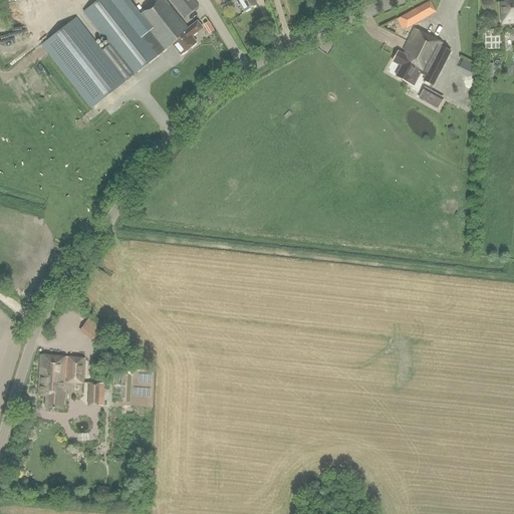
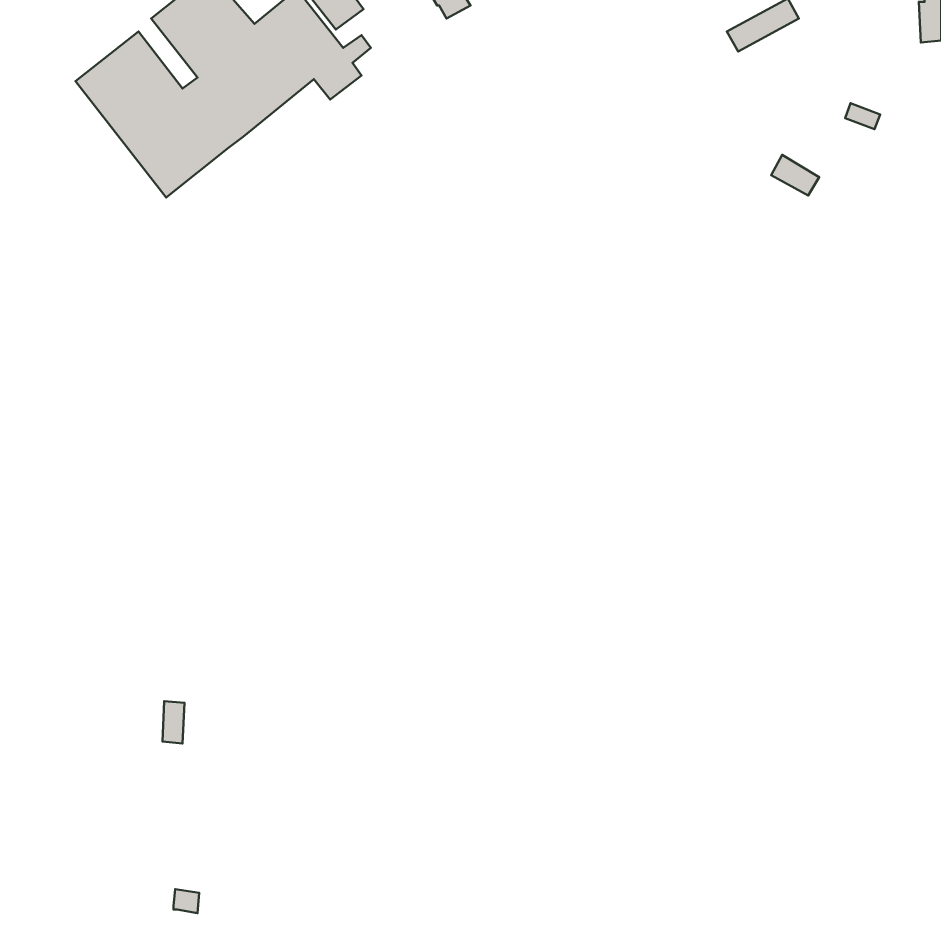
building: [392,28,451,85] -> none
building: [38,353,85,407] -> none

